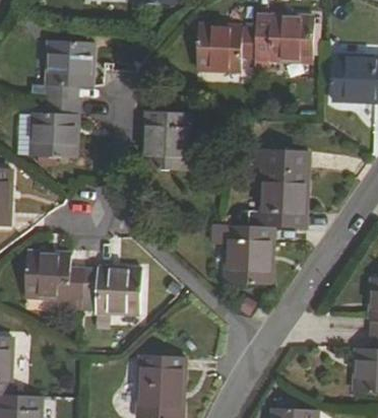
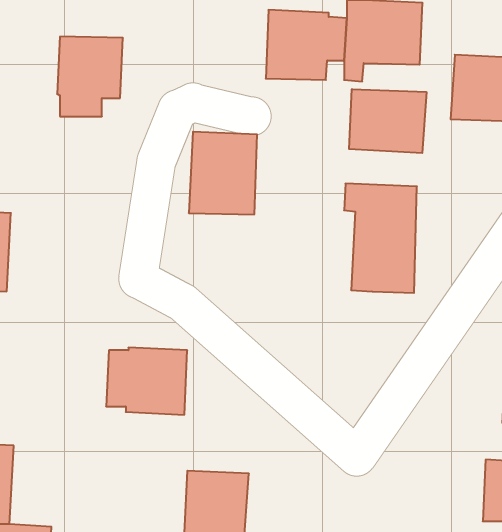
building: none -> [349,89,426,153]
building: [16,98,78,156] -> none
building: [212,222,274,283] -> none
building: [26,249,83,308] -> none

